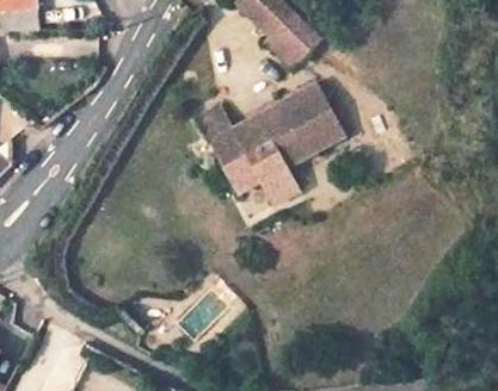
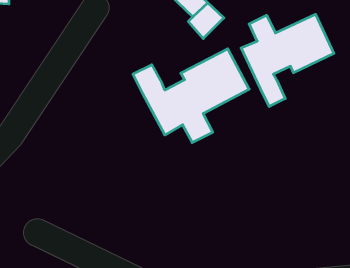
building: none -> [241,14,334,107]

